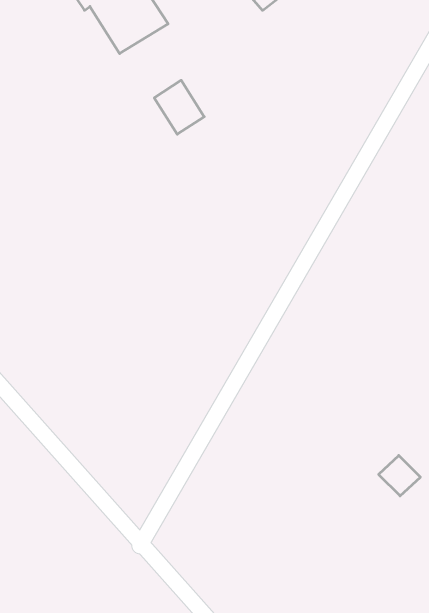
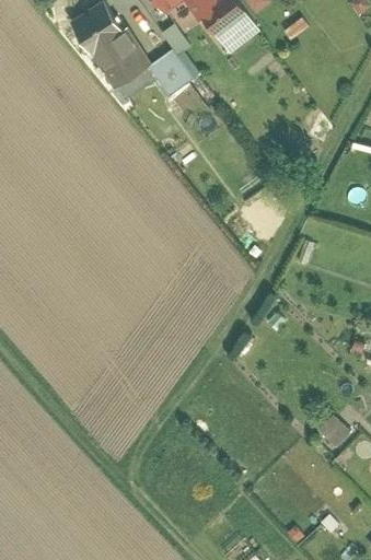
building: [154,80,204,134] -> [152,50,193,94]

